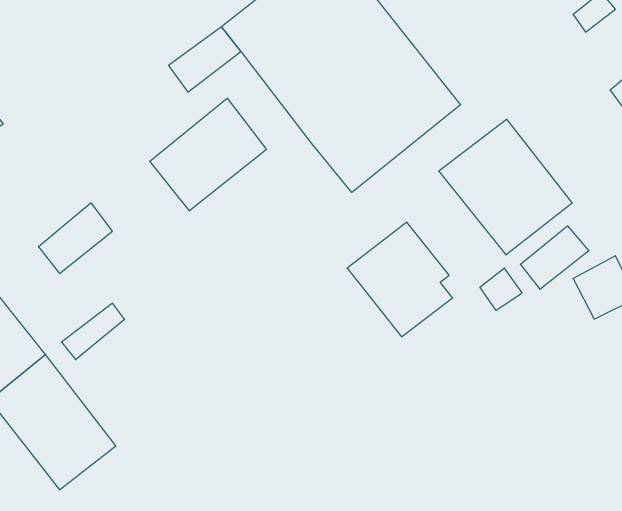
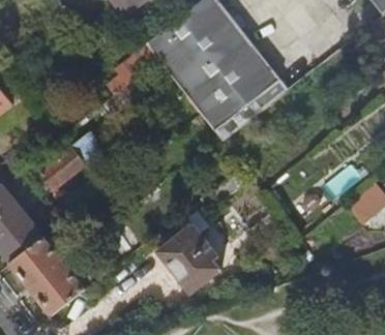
building: [150,98,266,211] -> none
building: [439,119,572,255] -> none
building: [347,222,453,337] -> [157,225,219,293]

